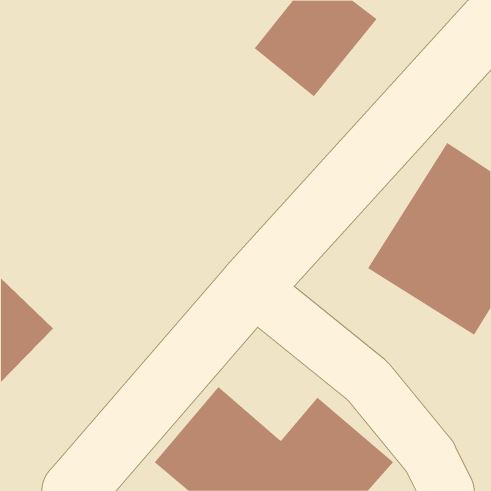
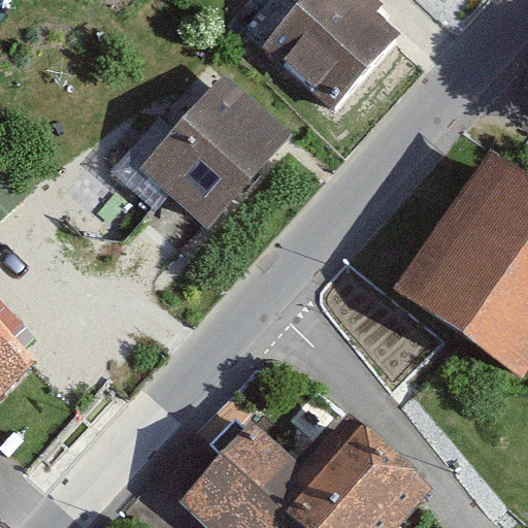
building: none -> [139,82,292,237]

